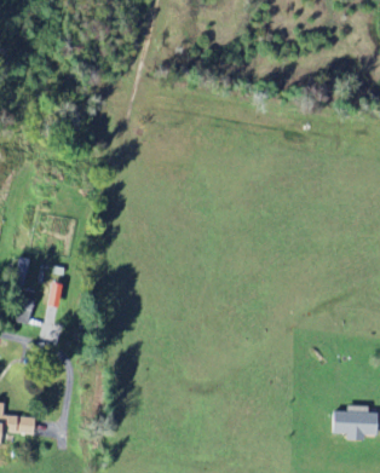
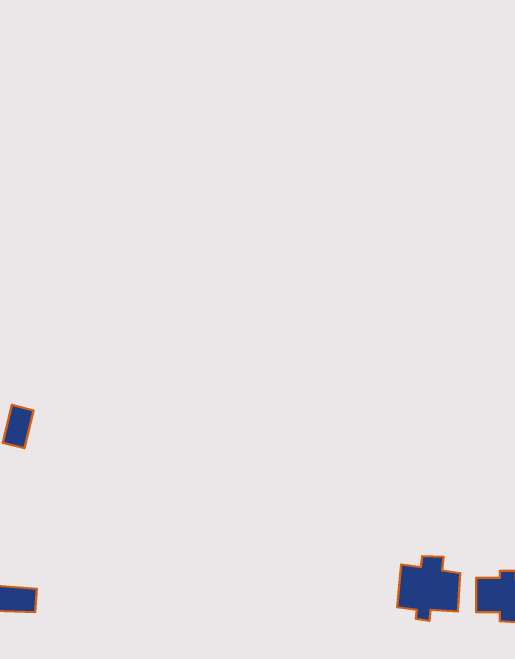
building: none -> [397,556,460,621]

